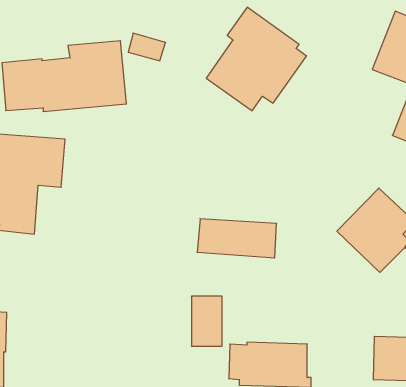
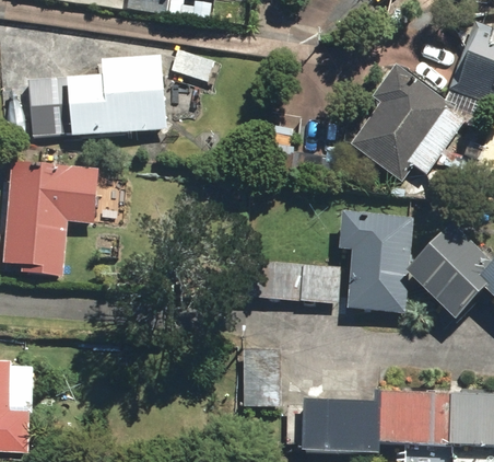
building: [206,7,307,111] -> [349,63,463,182]
building: none -> [339,212,412,312]
building: none -> [374,392,450,442]

